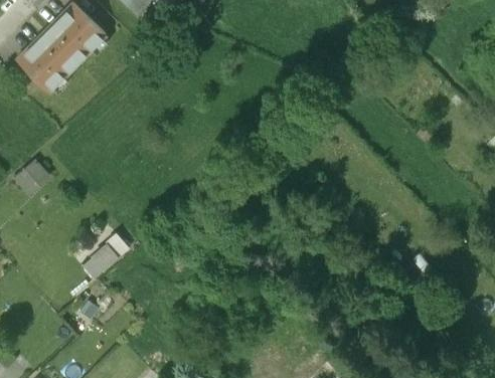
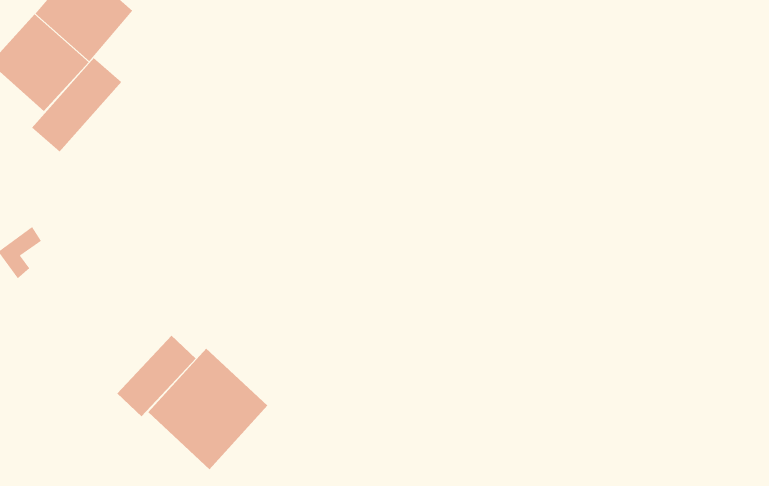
building: none -> [31,57,122,152]
building: none -> [148,348,268,470]

